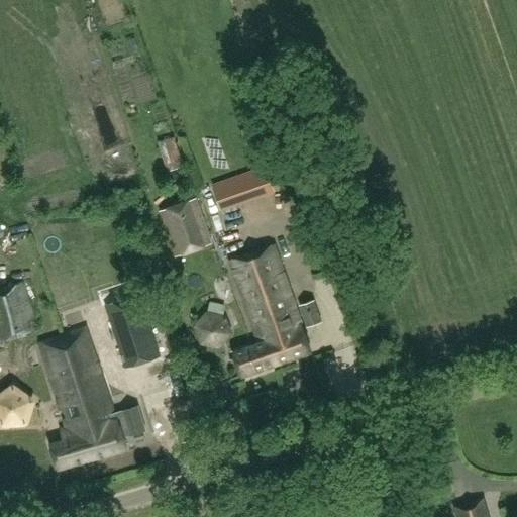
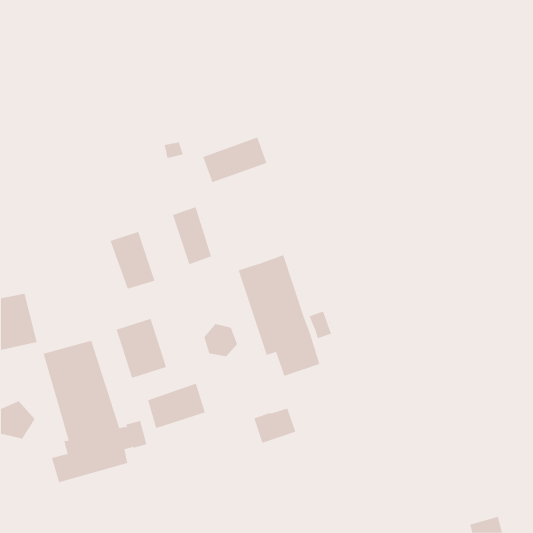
building: [212,166,275,210] -> [203,137,267,183]
building: none -> [110,231,155,290]
building: [233,341,275,376] -> [254,408,296,443]
building: none -> [147,383,206,429]

